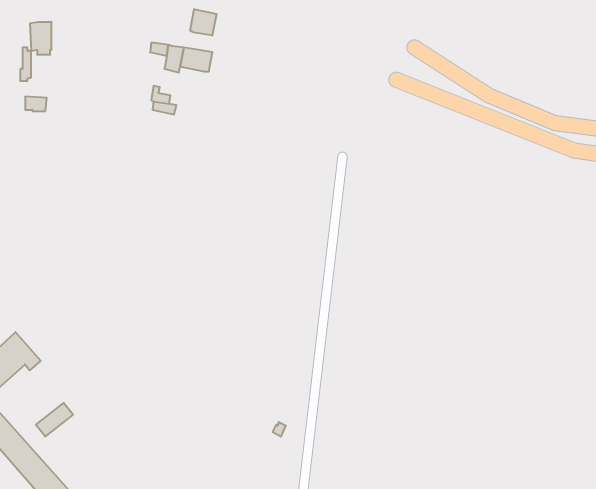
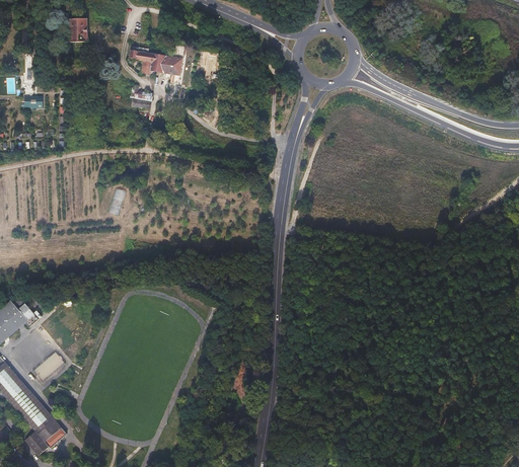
building: [190,9,216,36] -> none
building: [30,22,52,55] -> [70,18,88,46]

